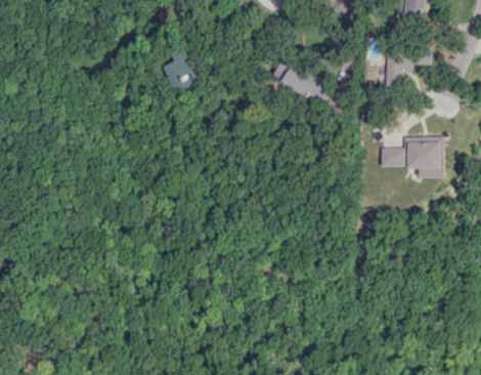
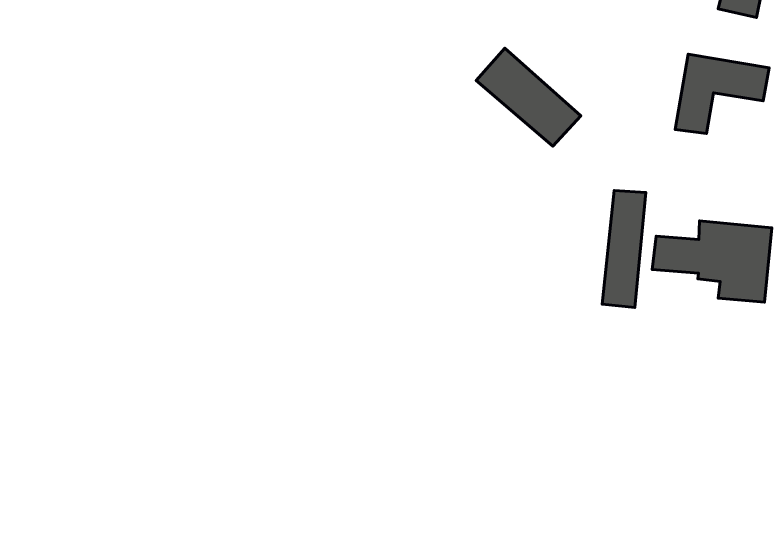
building: [167,47,199,93] -> none
building: none -> [602,190,646,307]

